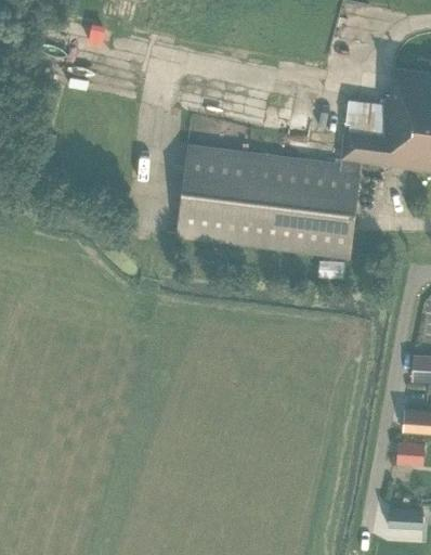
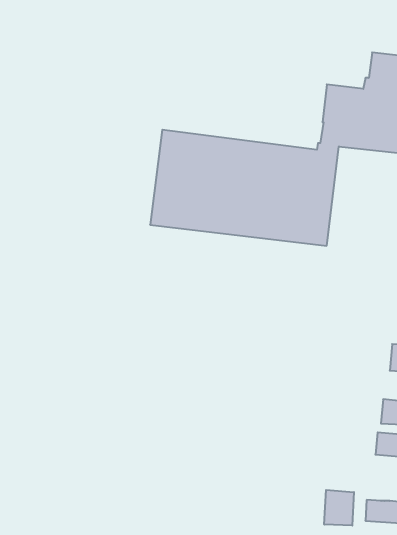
building: none -> [324,490,354,526]

